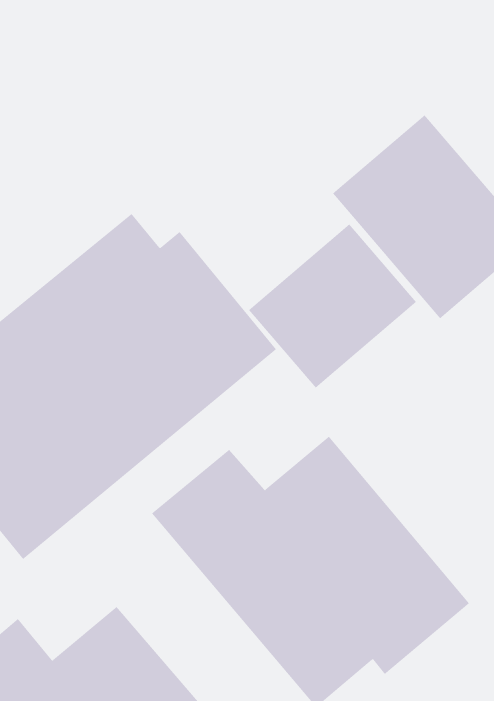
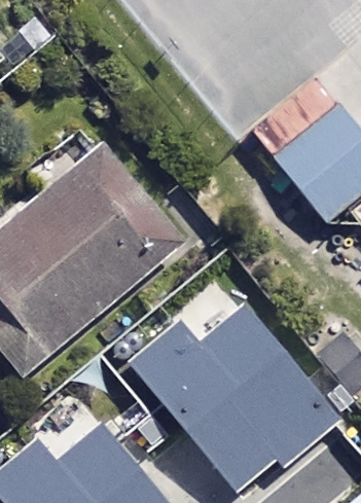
building: [248,224,417,389] -> none

